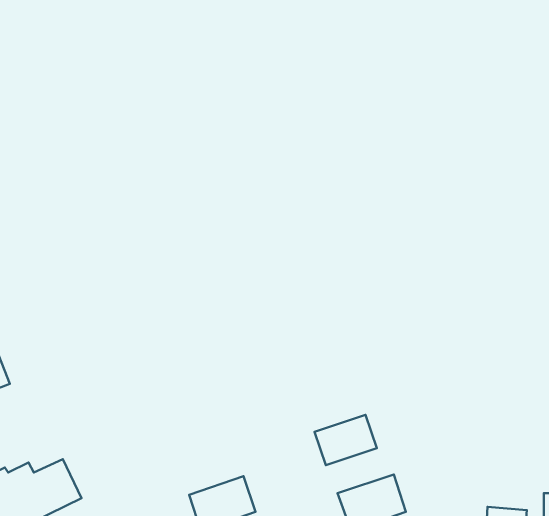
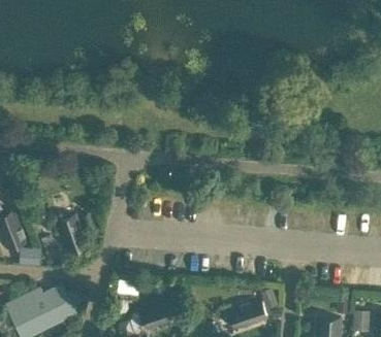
building: none -> [57,214,90,256]
building: [314,415,377,465] -> none

